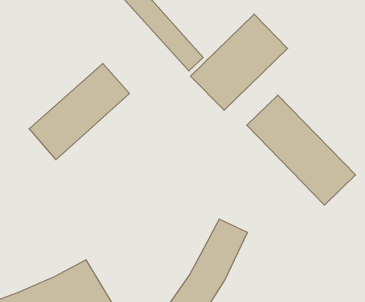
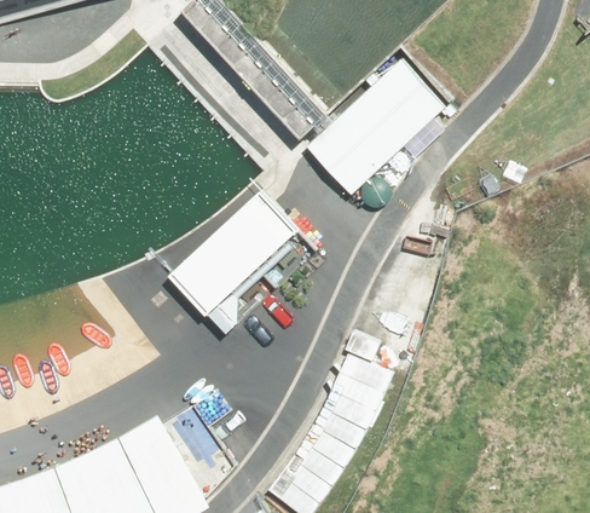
building: [29,63,129,160] -> [160,190,305,329]
building: [247,95,356,205] -> none

